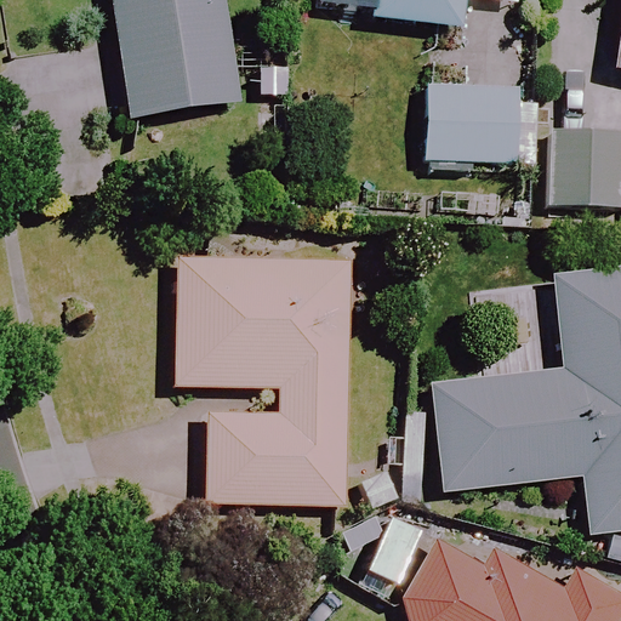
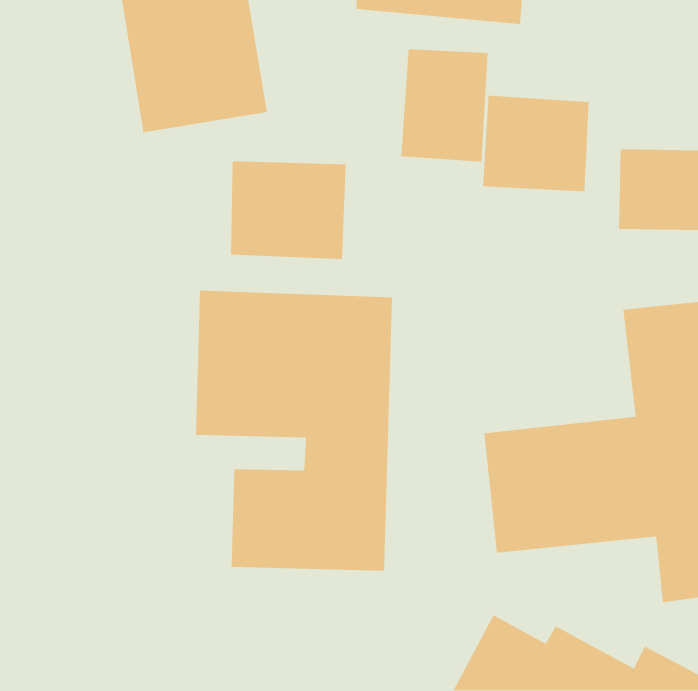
building: none -> [401,49,489,162]
building: none -> [230,160,346,260]

